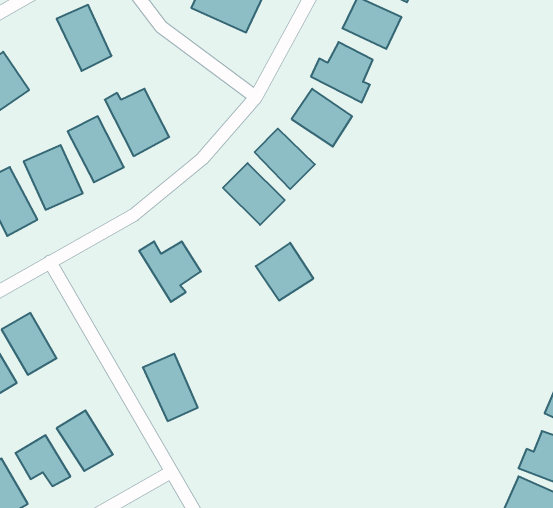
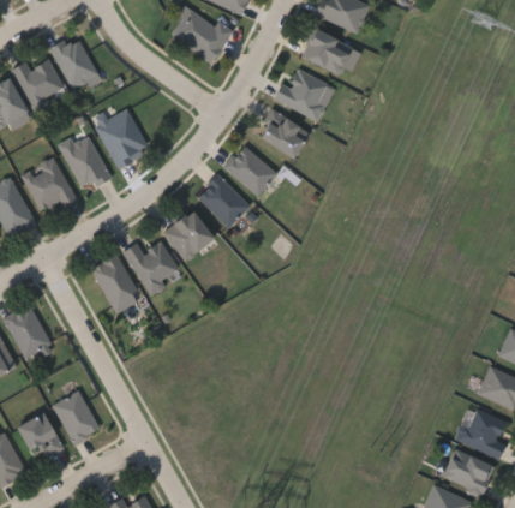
building: none -> [11,59,67,110]
building: [256,243,313,300] -> [163,210,214,261]
building: [143,354,198,421] -> [92,255,140,313]

